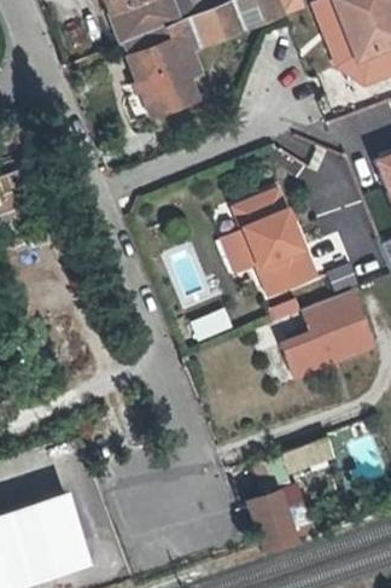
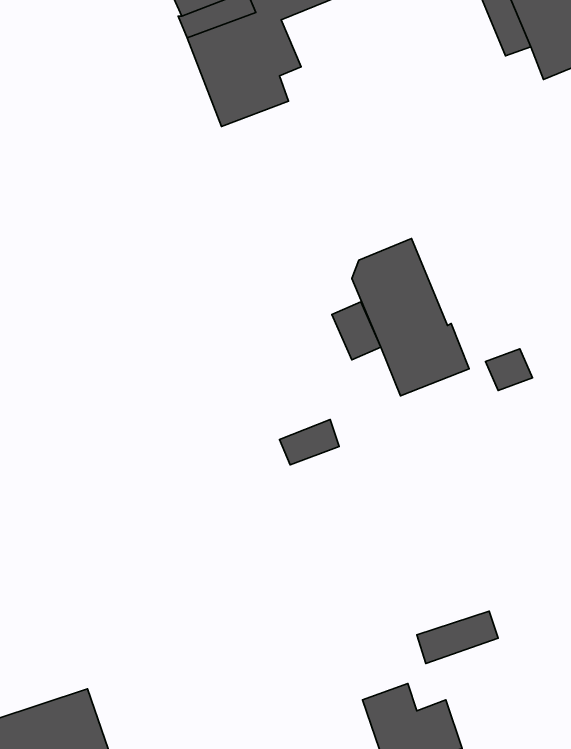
building: [281,290,372,377] -> none

